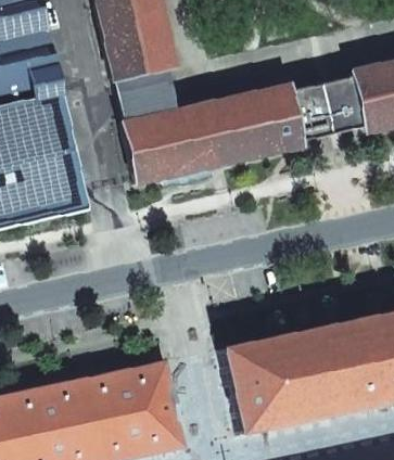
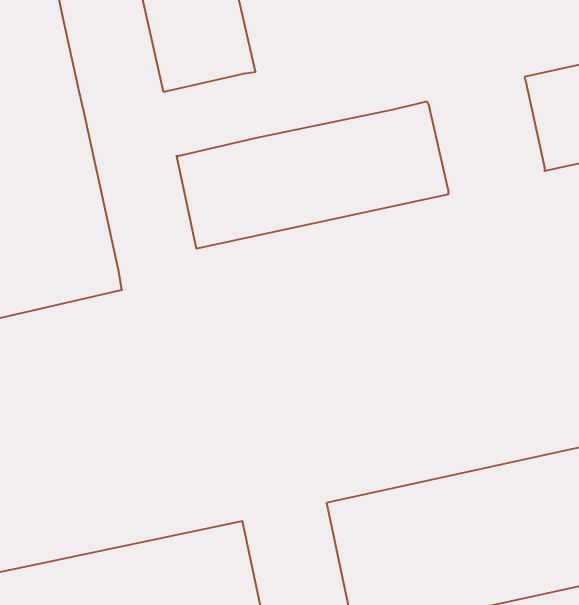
building: [115,67,176,122] -> none
building: [289,74,365,144] -> none

